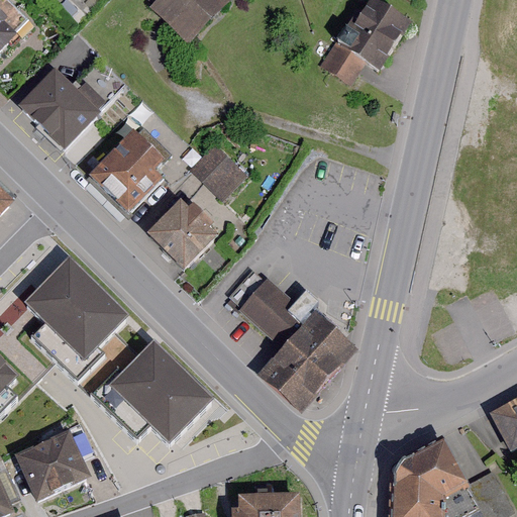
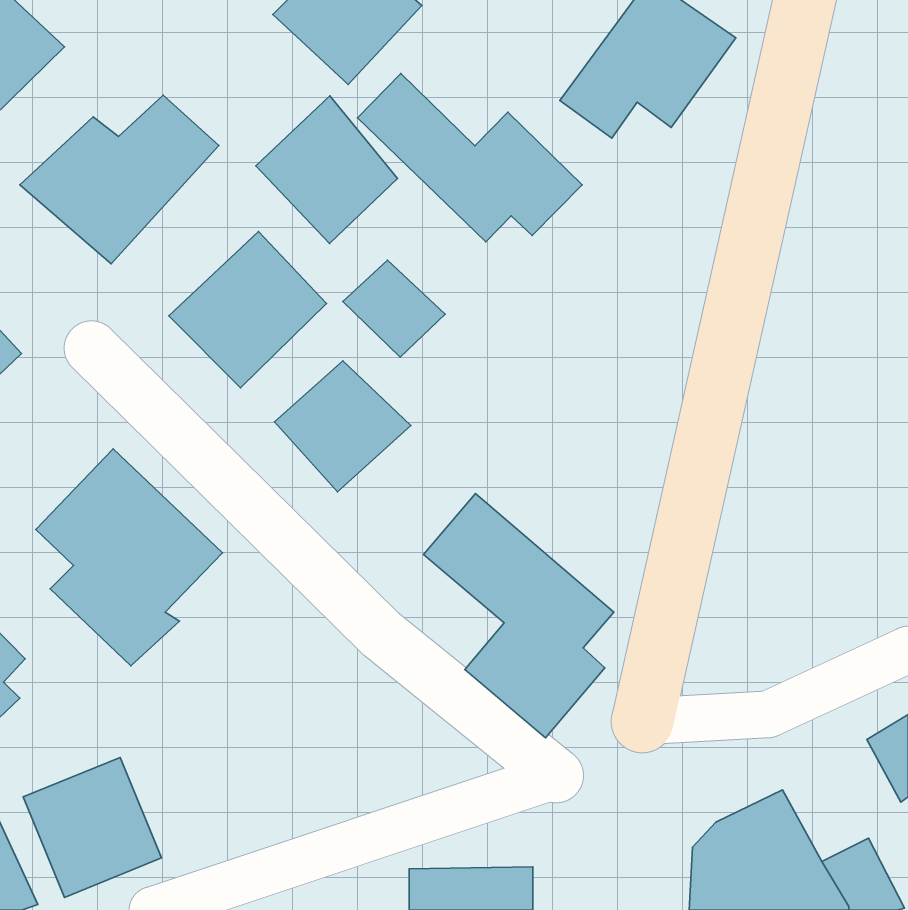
building: none -> [358,73,582,242]
building: none -> [256,96,398,243]
building: [92,333,211,440] -> none

